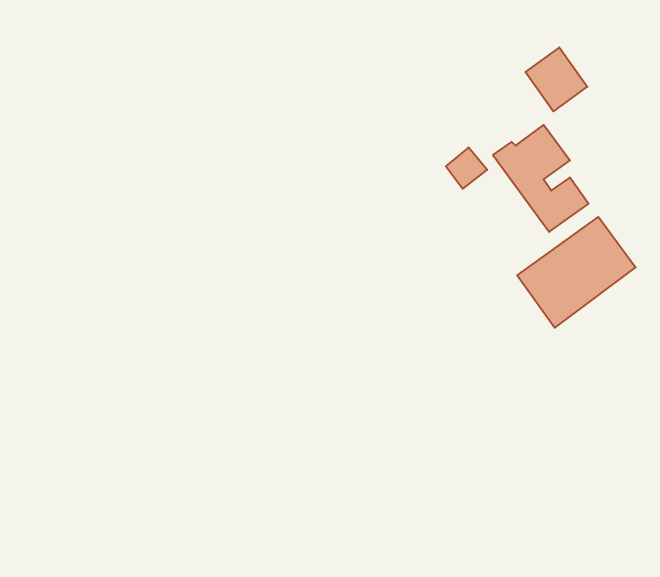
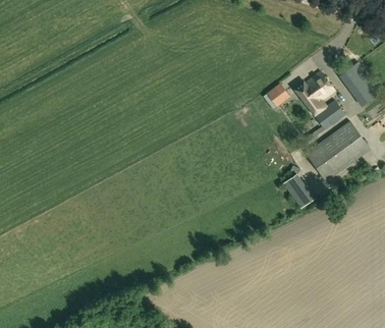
building: [525,47,587,111] -> [340,62,374,97]
building: none -> [283,173,316,208]

